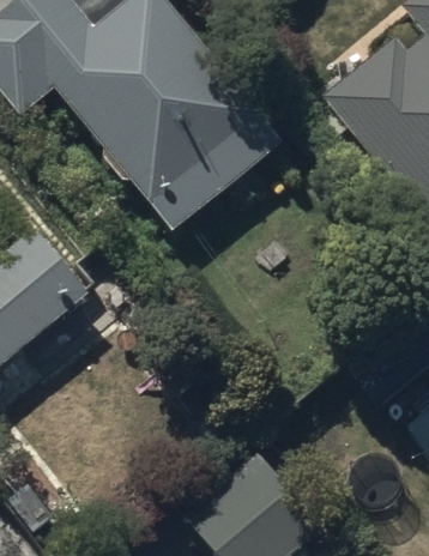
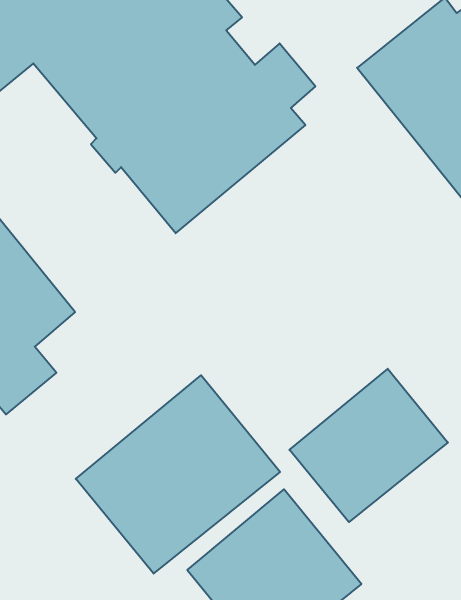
building: none -> [289,369,448,522]
building: none -> [76,375,280,574]

